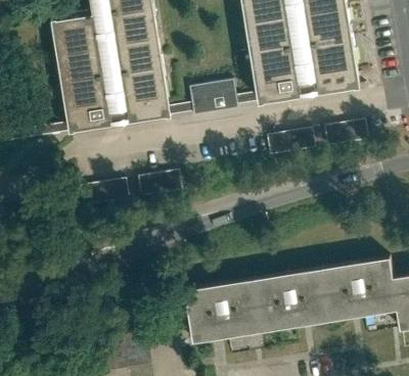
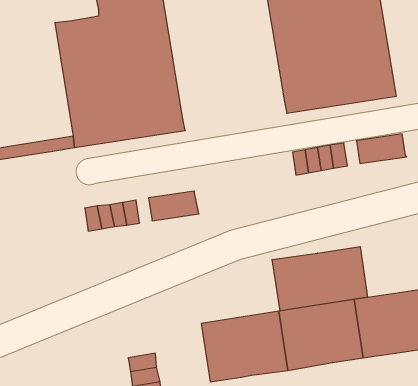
building: [167,80,260,118] -> none
building: none -> [272,247,368,311]

